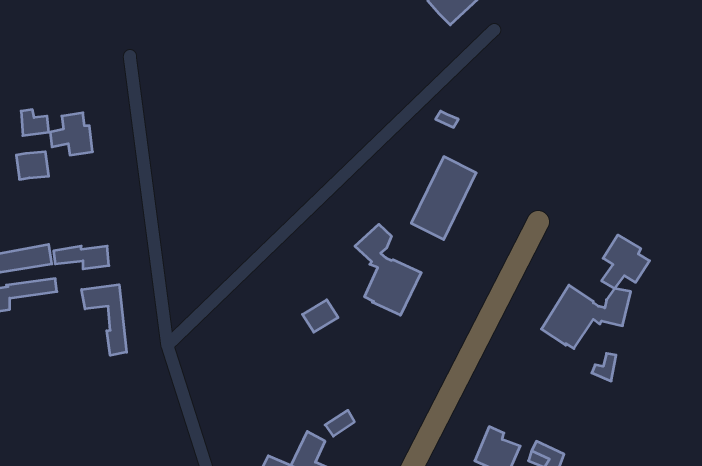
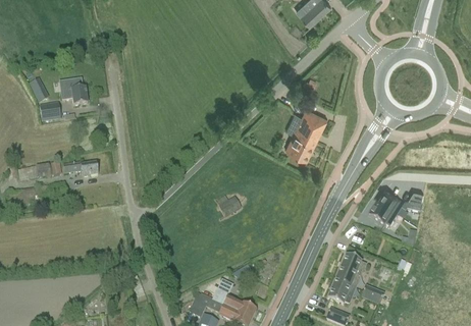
building: [355,224,421,315] -> none
building: [602,235,650,288] -> none
building: [82,285,127,355] -> none
building: none -> [336,252,366,286]

